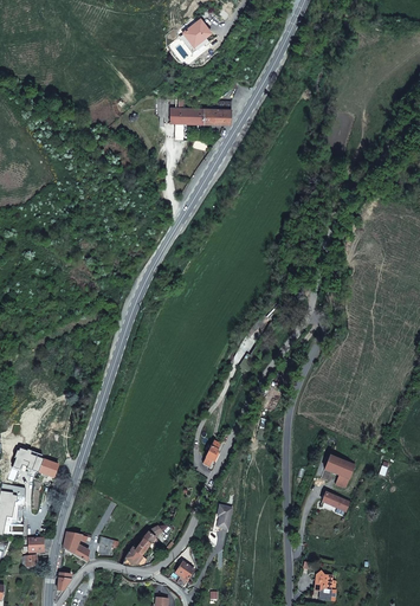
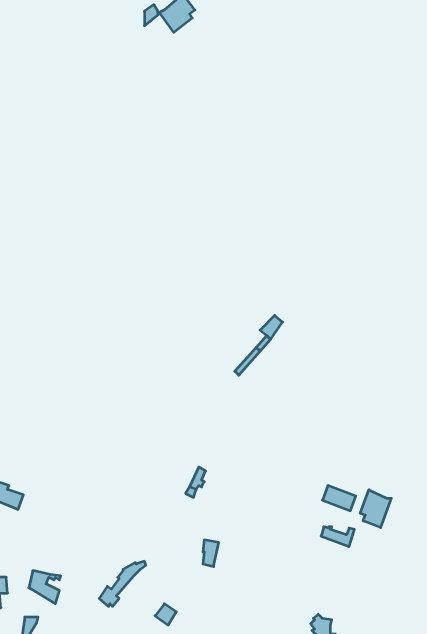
building: [164,102,231,124] -> none
building: none -> [360,490,391,528]

